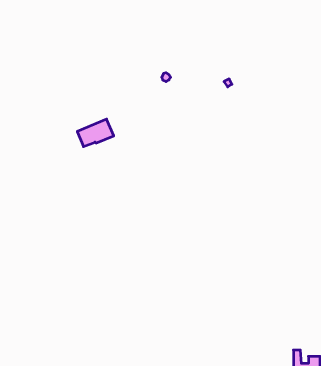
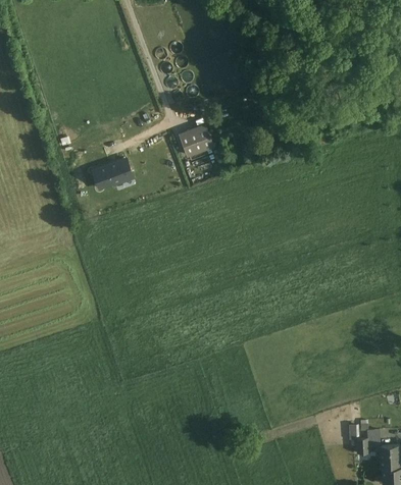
building: none -> [187,126,219,155]

